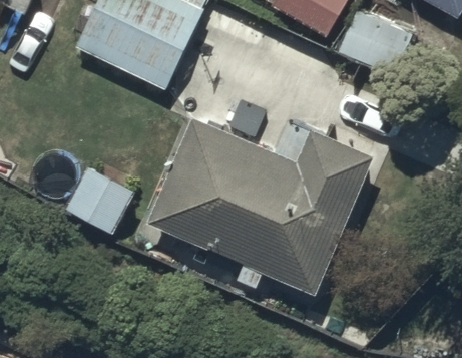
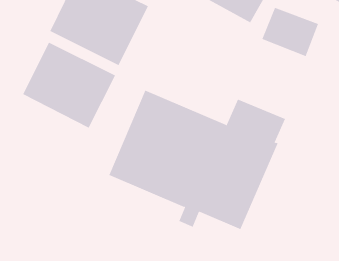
building: none -> [22,42,116,128]

